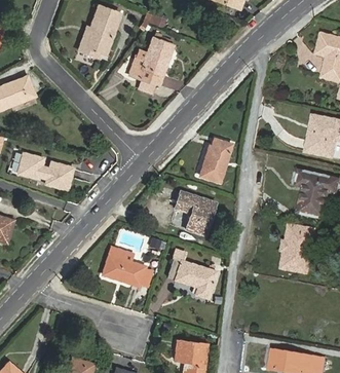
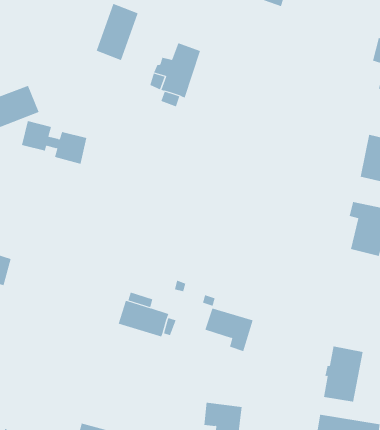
building: [199,138,231,181] -> none
building: [22,154,77,191] -> [21,121,87,165]
building: [175,190,215,234] -> none
building: [280,224,314,271] -> [323,346,364,402]

